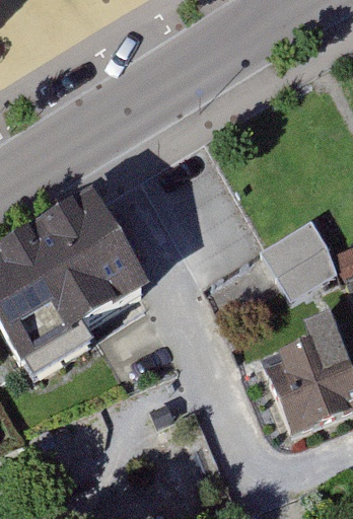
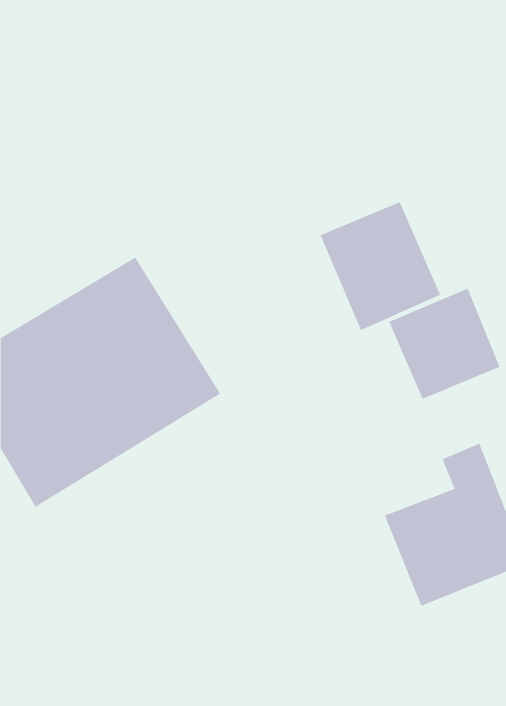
building: none -> [319,201,441,331]

